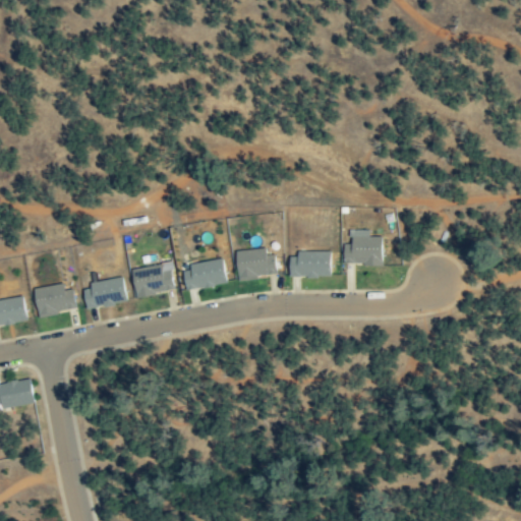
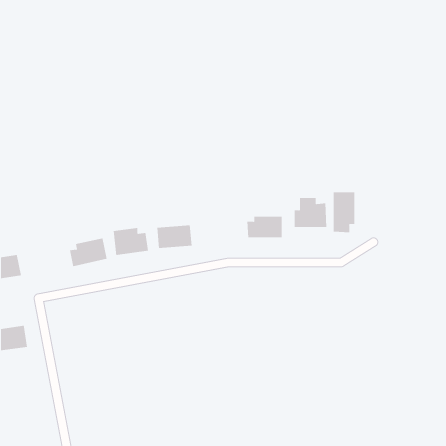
building: none -> [333,191,355,233]
building: [235,249,276,279] -> none
building: [34,283,73,314] -> none

